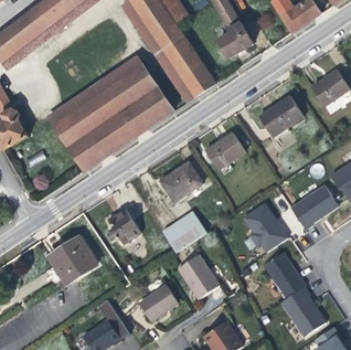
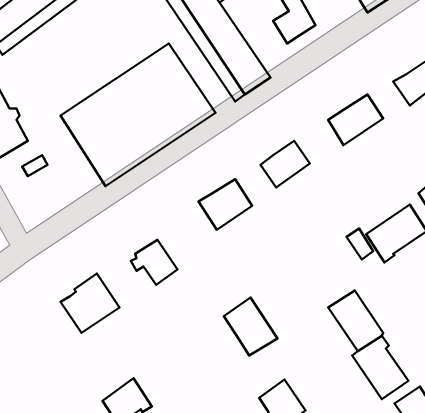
building: [245,205,286,251] -> none
building: [163,213,208,254] -> none
building: [139,288,180,324] -> none

